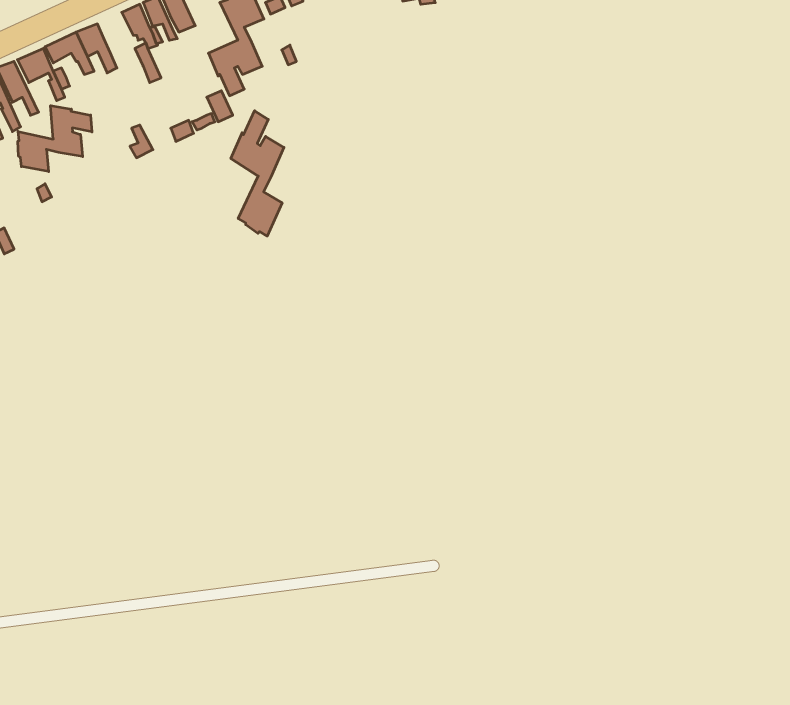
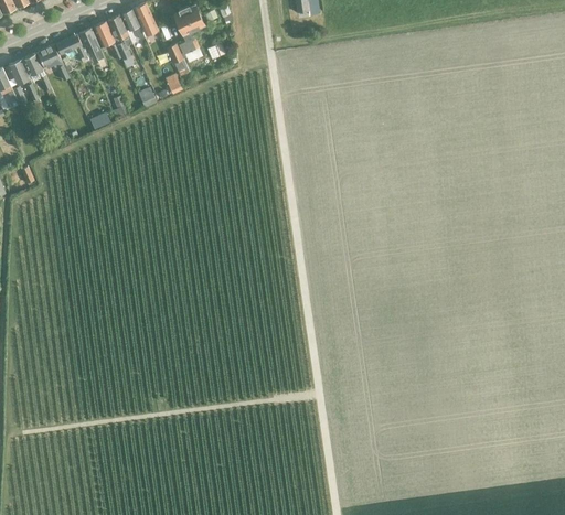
building: none -> [90,21,121,60]
building: [18,106,92,172] -> none
building: [231,111,284,236] -> none

